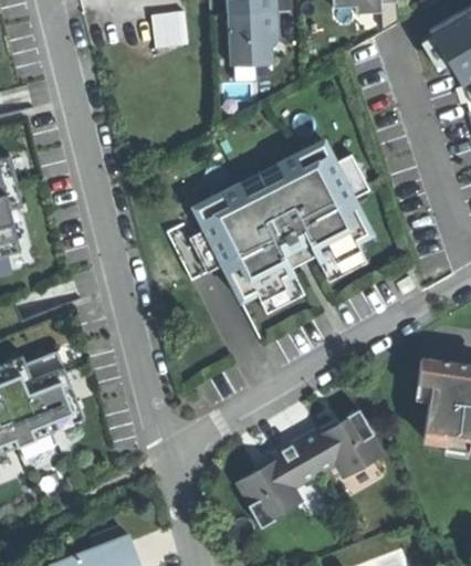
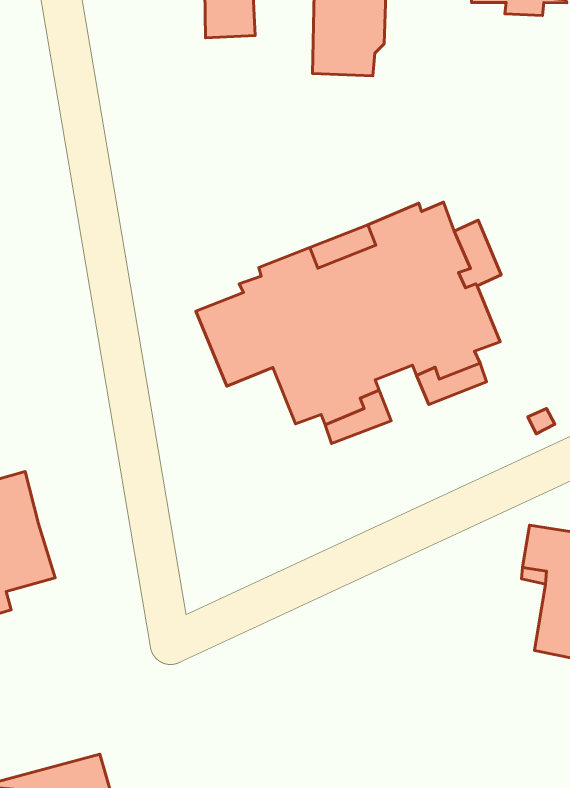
building: [238,409,380,527] -> none

